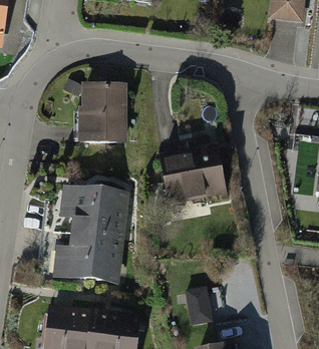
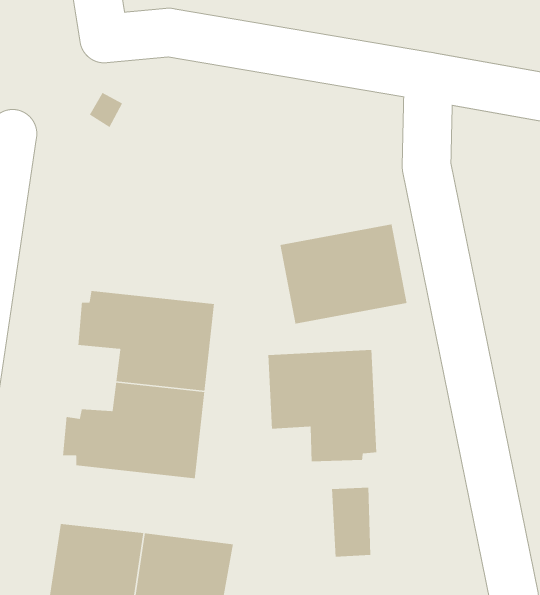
building: [77,83,127,140] -> none
building: none -> [268,349,377,462]

